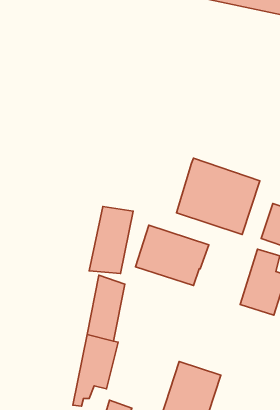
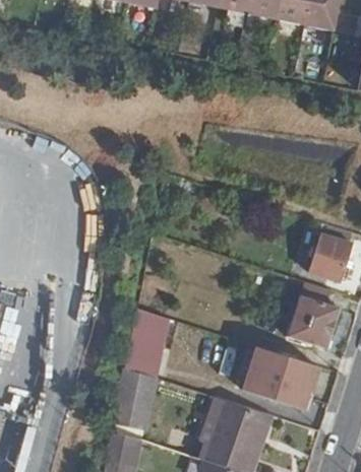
building: [176,158,260,234] -> none
building: [89,206,133,273] -> none
building: [135,225,209,285] -> [240,344,317,407]

